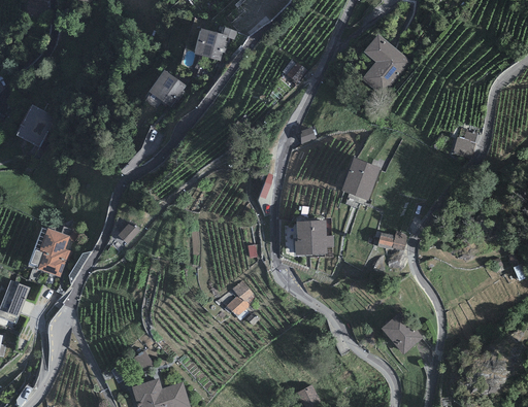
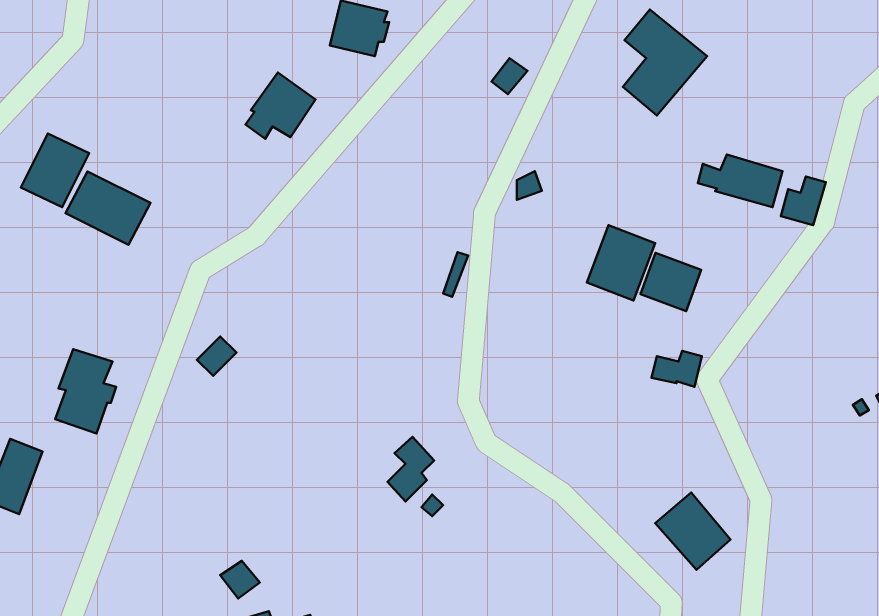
building: none -> [698,154,783,207]
building: none -> [66,172,150,245]
building: none -> [640,253,701,311]
building: [293,218,332,255] -> none

